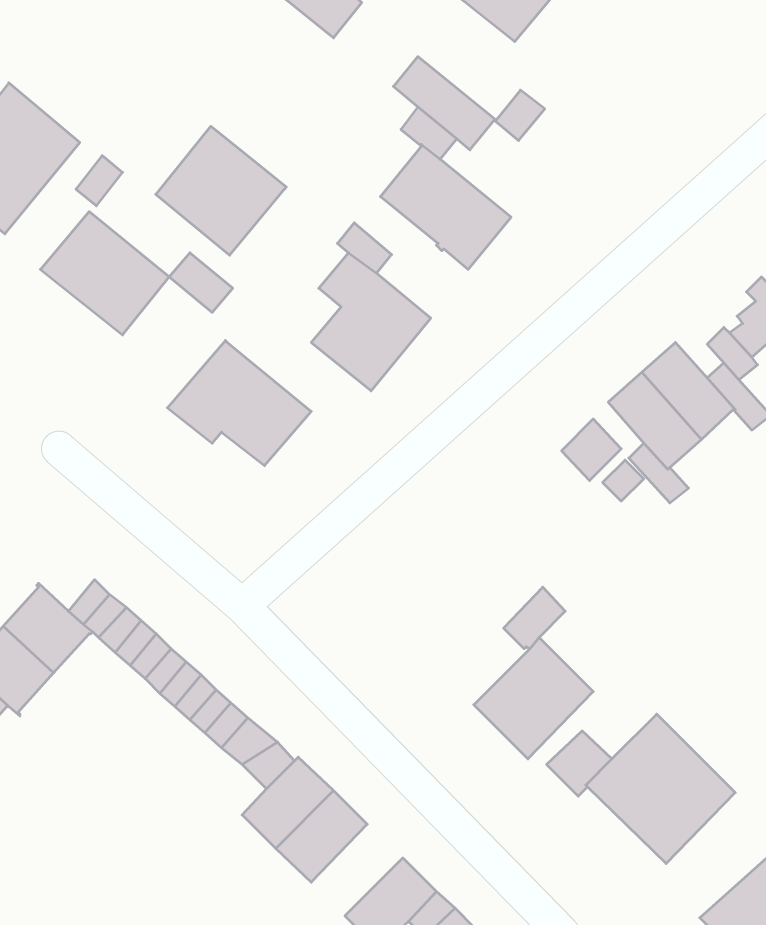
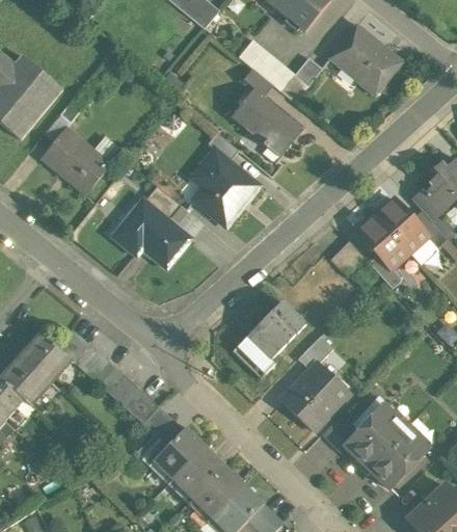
building: none -> [328,25,402,96]
building: [156,126,286,255] -> none
building: [169,253,233,312] -> [145,185,181,218]
building: none -> [234,302,306,377]
building: none -> [192,467,243,517]

